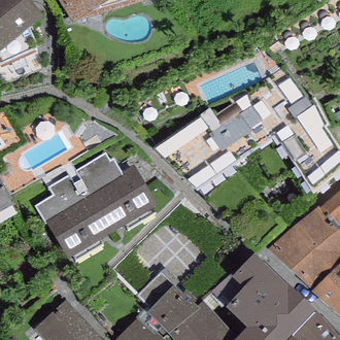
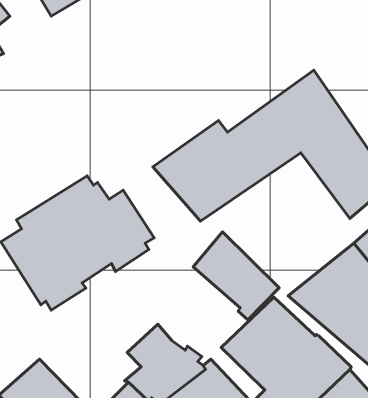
building: none -> [193,232,279,320]

